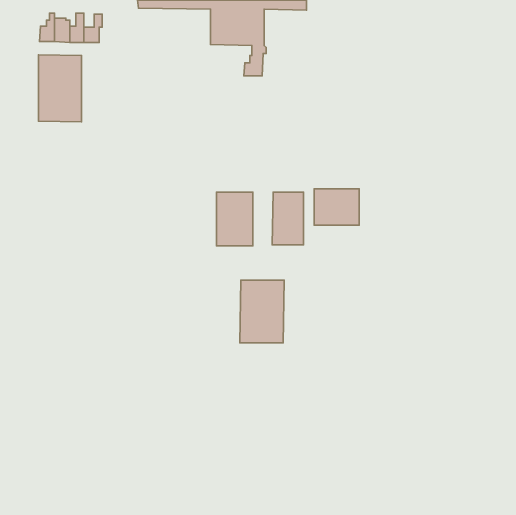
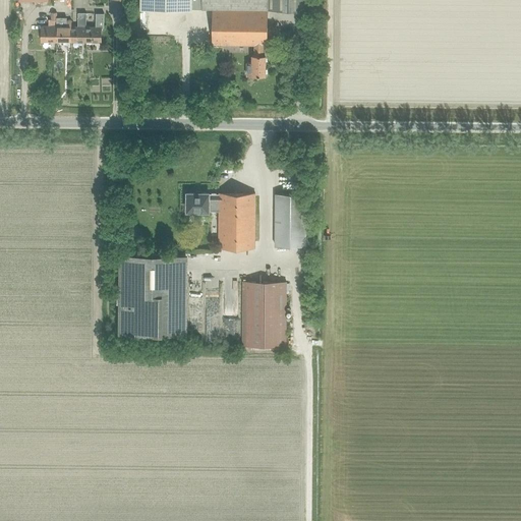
building: [39,55,81,122] -> none
building: [314,189,359,225] -> none
building: none -> [184,195,218,214]
building: none -> [120,255,184,336]

